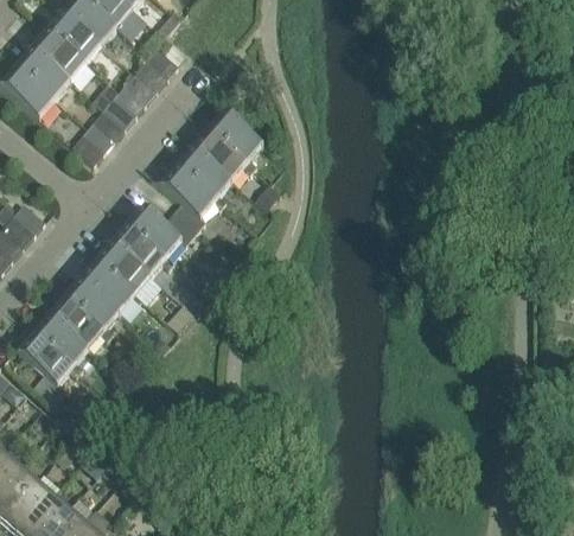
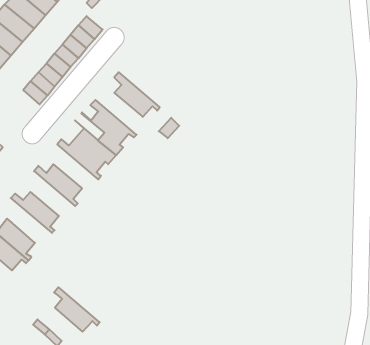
building: [198,104,262,170] -> none
building: [167,151,230,206] -> none
building: [110,219,171,277] -> none
building: [79,255,140,314] -> none
building: [49,291,109,350] -> [54,287,100,332]

